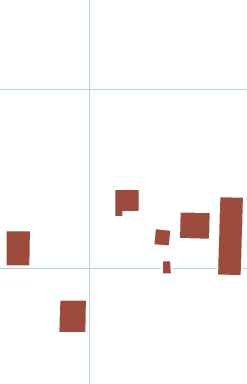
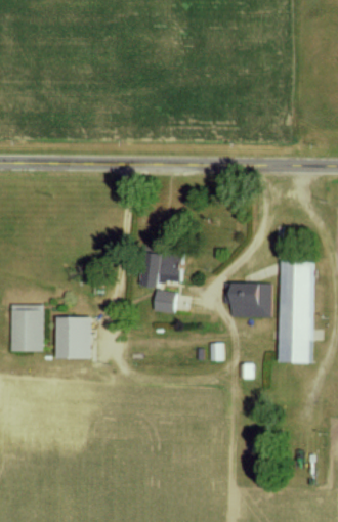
building: [153,228,171,246] -> [153,291,175,313]
building: [59,300,87,333] -> [56,317,92,359]

